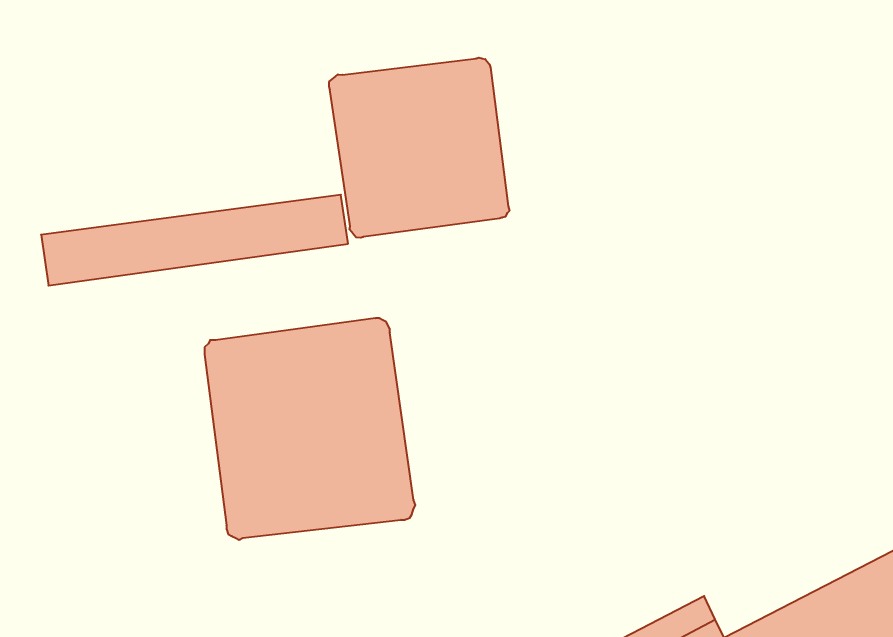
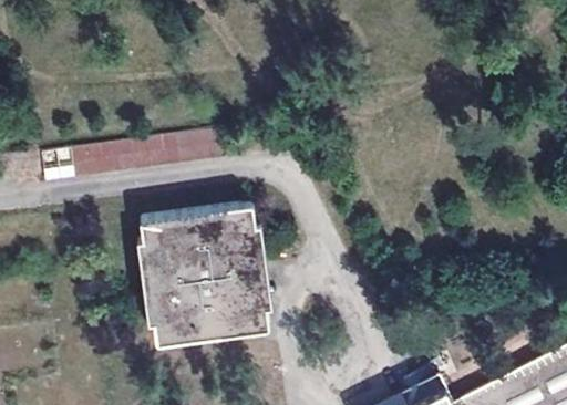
building: [329,58,509,238] -> none

